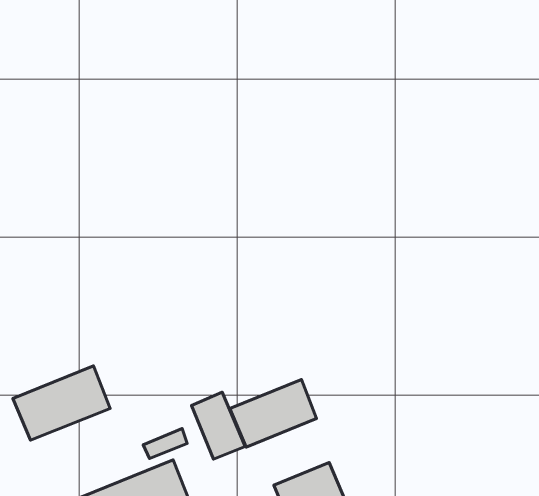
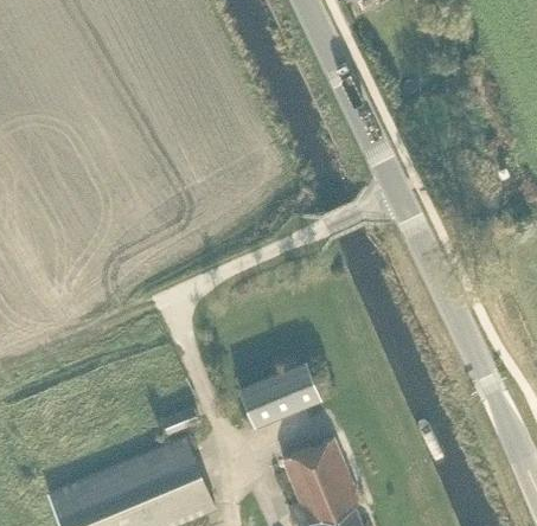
building: [13,366,110,440] -> none
building: [191,392,245,459] -> none

